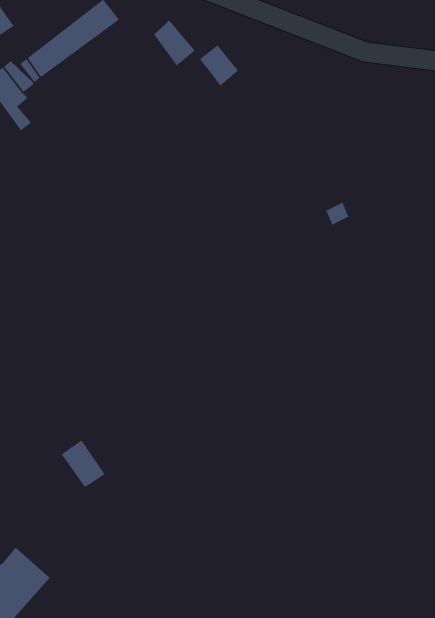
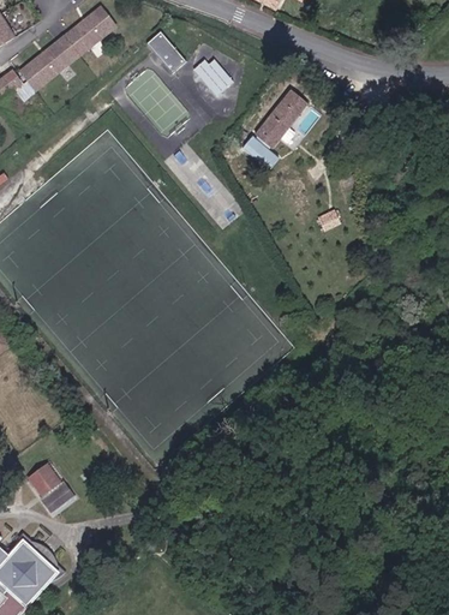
building: none -> [249,90,307,154]
building: [61,440,105,488] -> [24,459,67,506]

